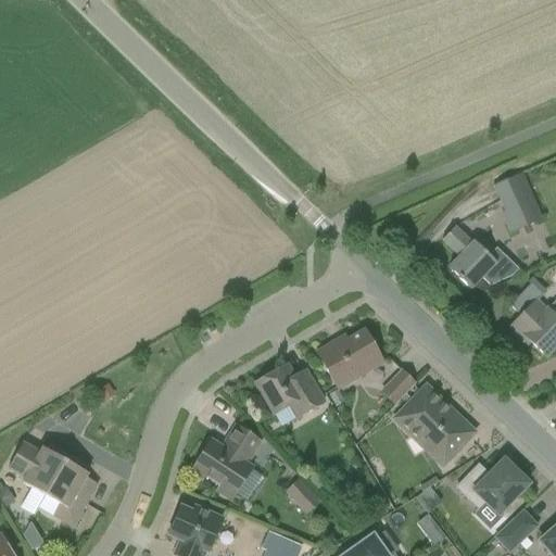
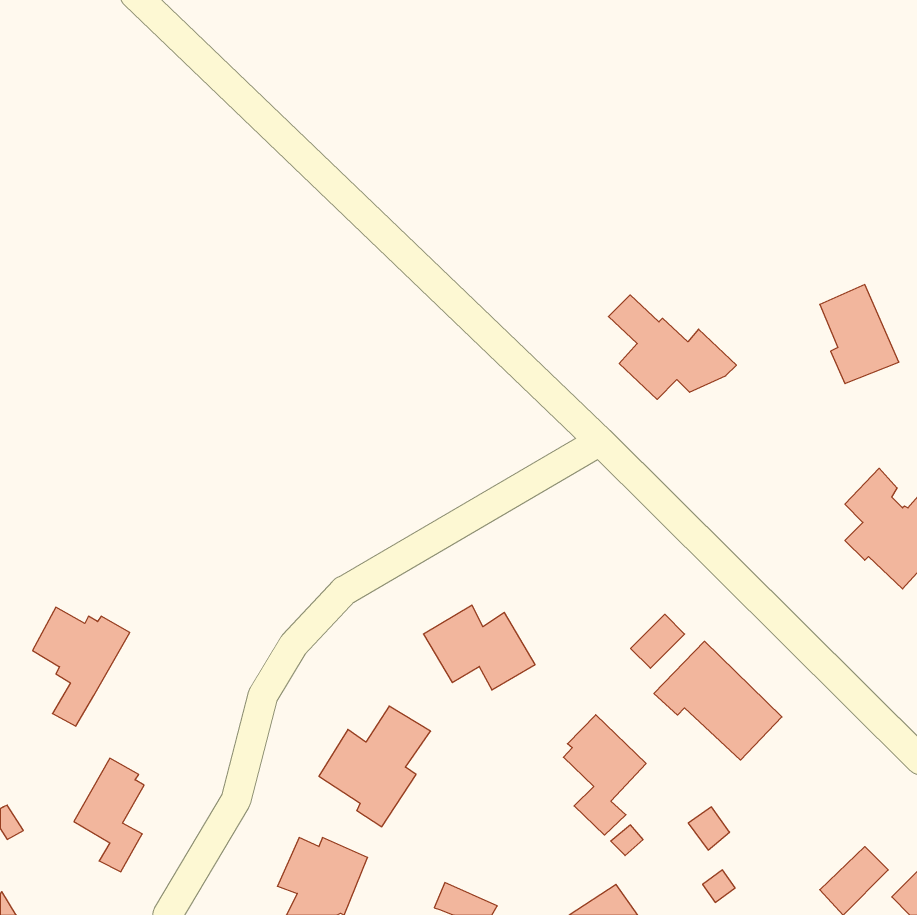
building: [443,226,520,289] -> [608,295,736,399]
building: [318,330,384,388] -> none
building: none -> [563,715,646,835]
building: [10,442,68,514] -> [33,607,130,726]
building: [458,459,530,515] -> none
building: [286,478,320,513] -> none

